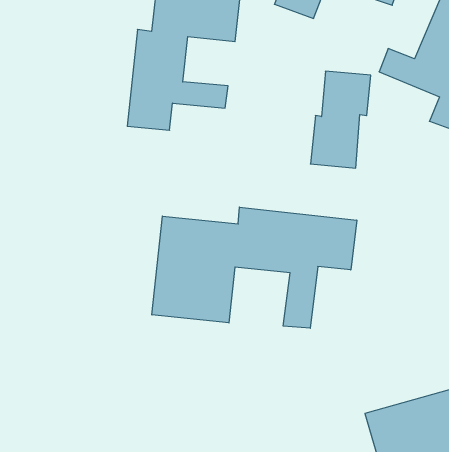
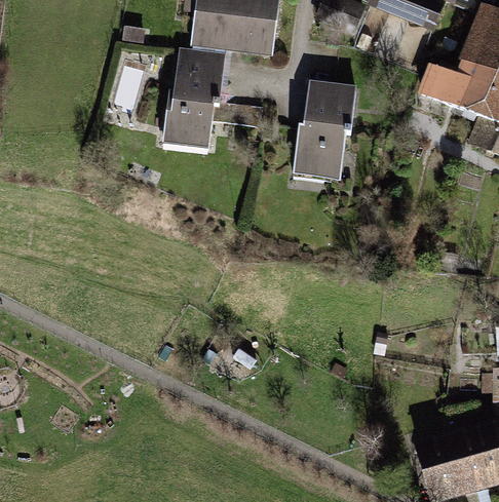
building: [310,71,371,168] -> [295,78,356,177]
building: [152,207,357,328] -> none

